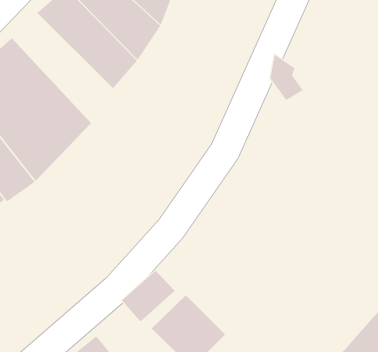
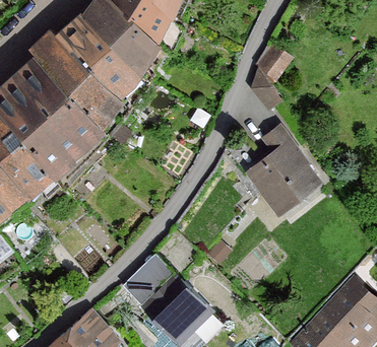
building: none -> [22,31,115,130]
building: none -> [254,44,292,83]
building: none -> [241,125,316,214]

